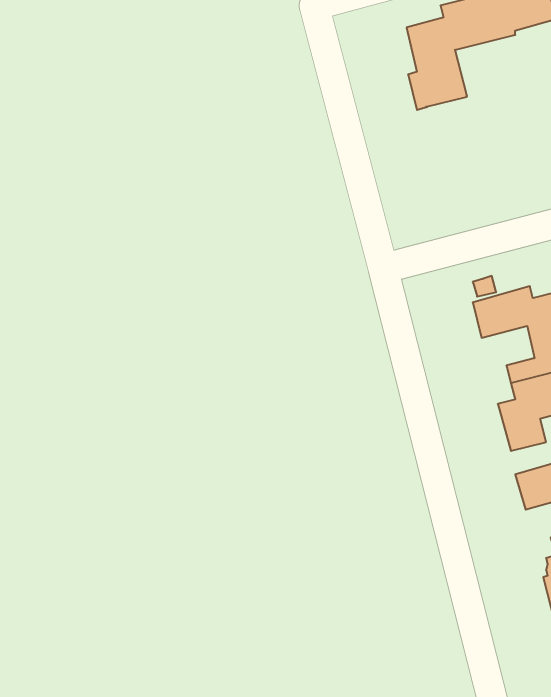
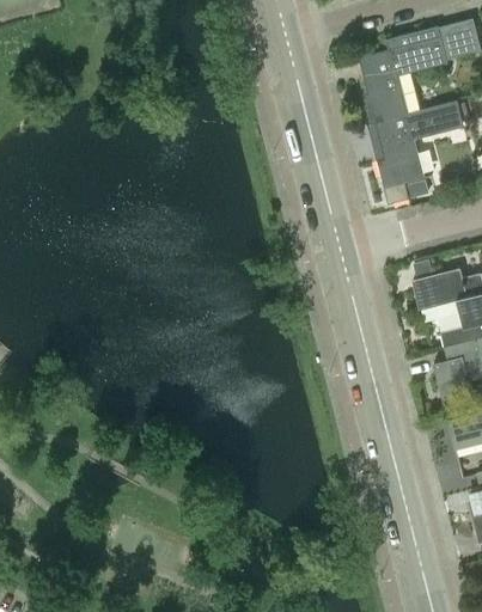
building: none -> [376,100,465,204]

